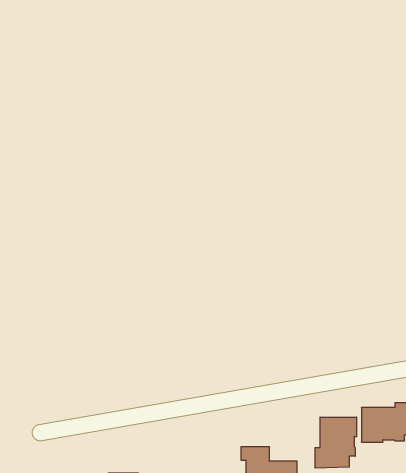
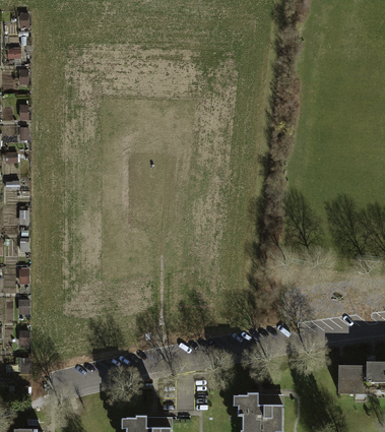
building: [315,417,357,468] -> none

